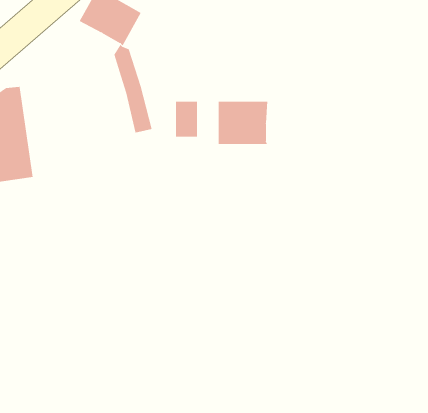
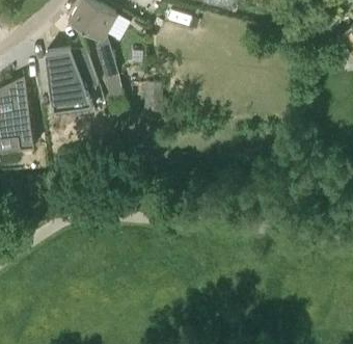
building: none -> [47,49,100,116]
building: [218,101,268,145] -> none

